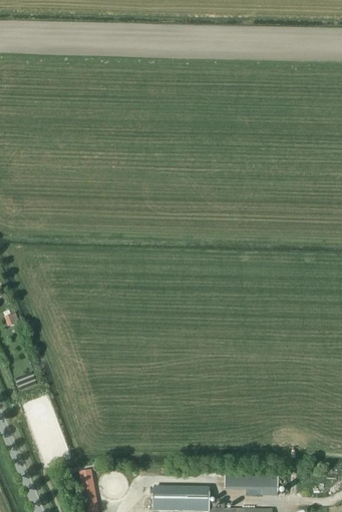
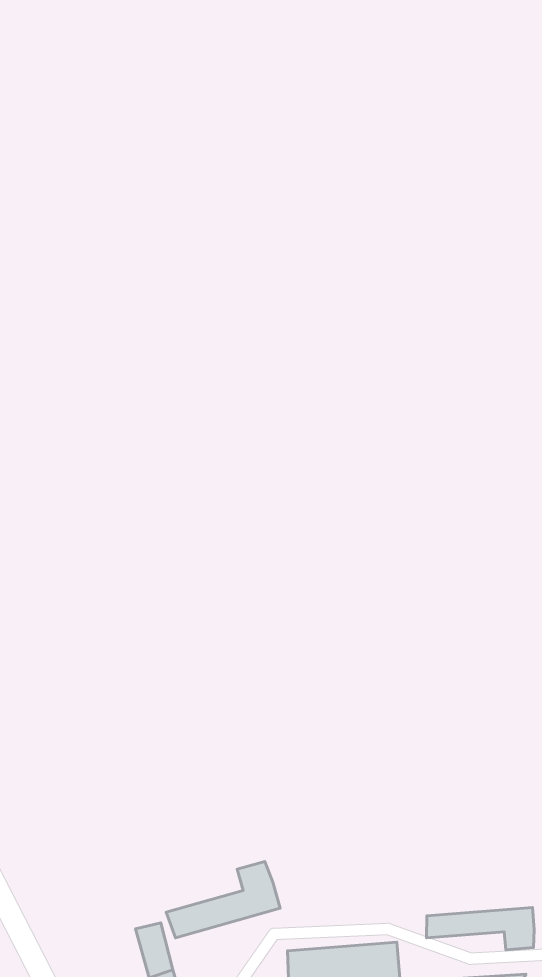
building: none -> [166,861,280,938]

